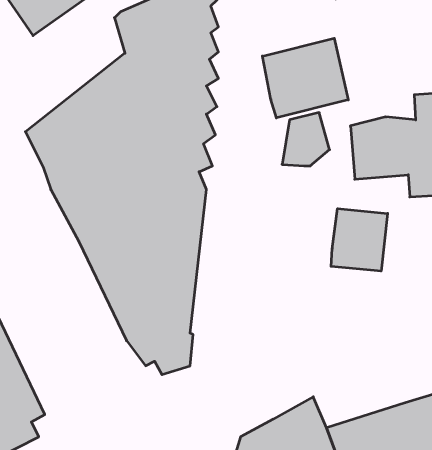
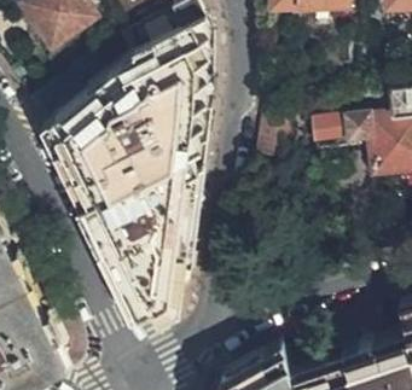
building: [262,38,348,118] -> none
building: [331,209,388,271] -> none

